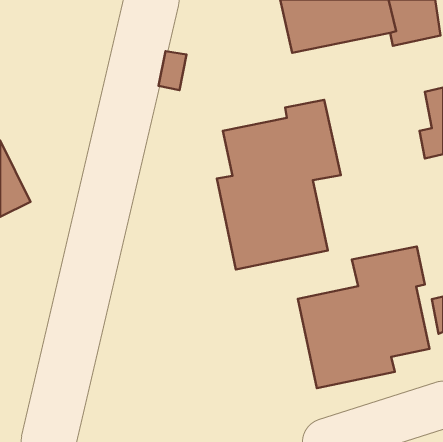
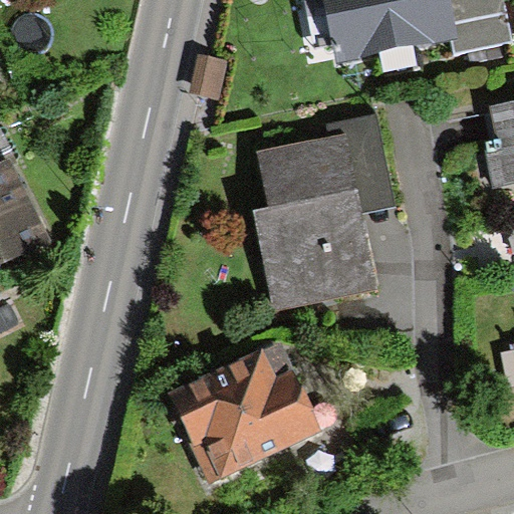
building: [298,247,430,388] -> none
building: none -> [169,340,322,482]

